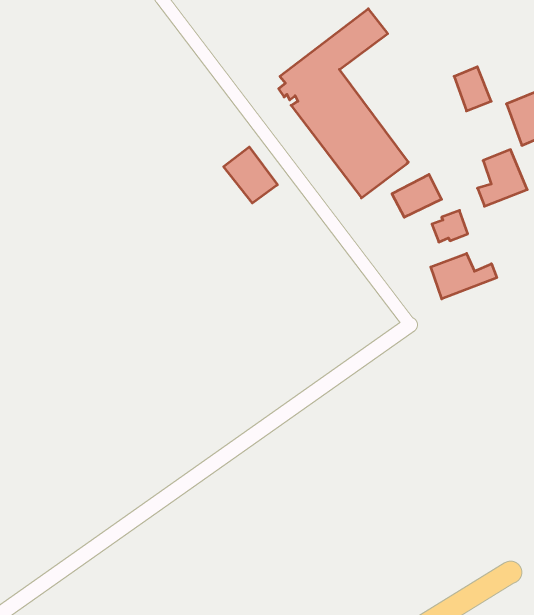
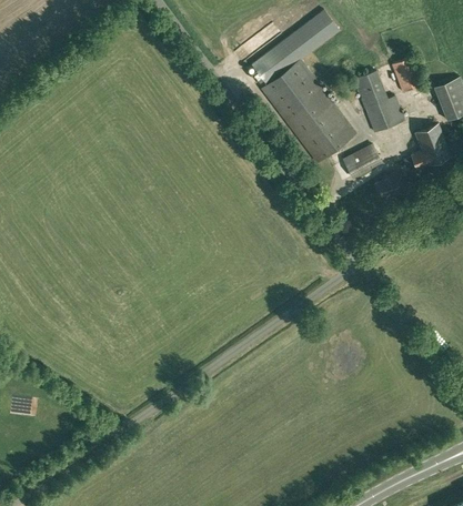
building: none -> [353,71,405,133]
building: [224,147,277,203] -> none
building: [431,253,497,299] -> none

